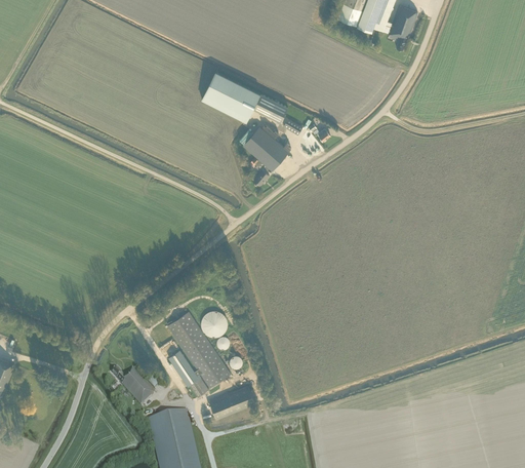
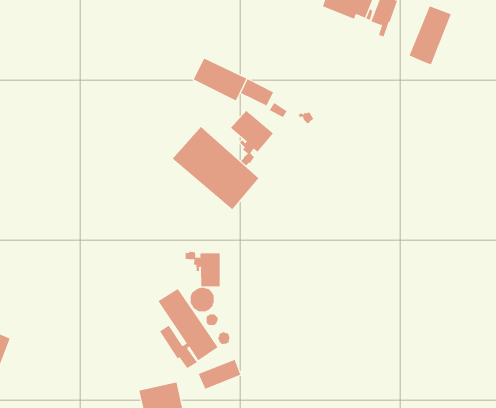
building: none -> [409,5,451,65]
building: none -> [172,126,259,210]
building: none -> [185,251,220,287]
building: [111,366,154,404] -> none

